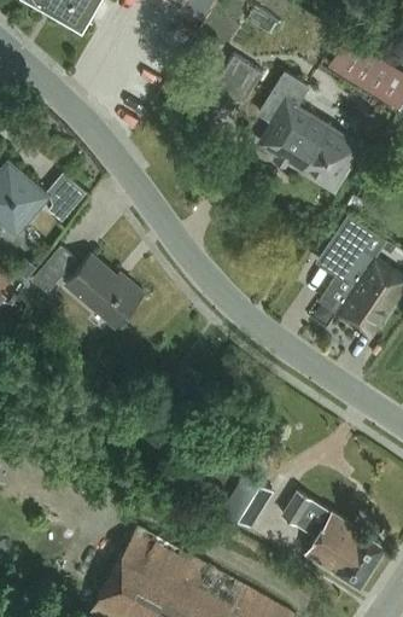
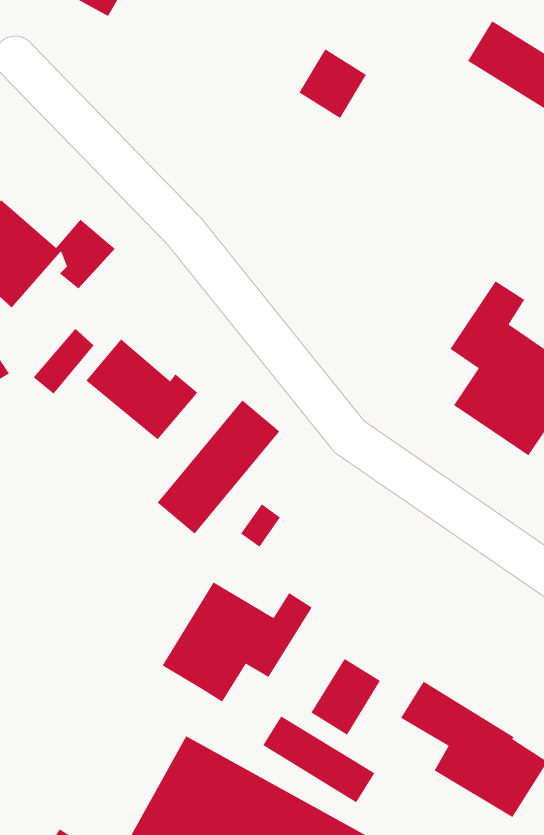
building: [259,74,360,188] -> none
building: none -> [157,399,280,534]
building: none -> [162,582,312,703]
building: none -> [262,715,375,803]

